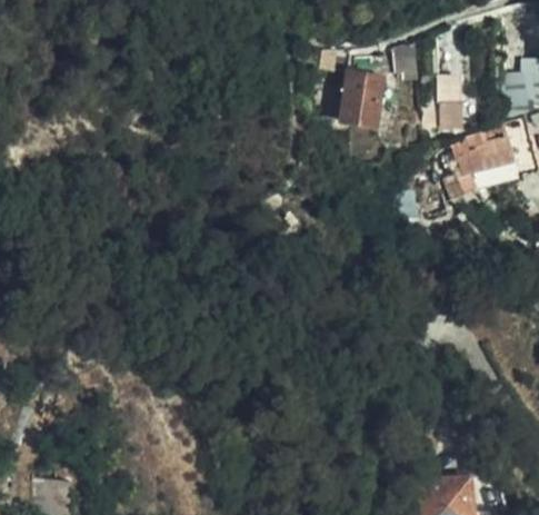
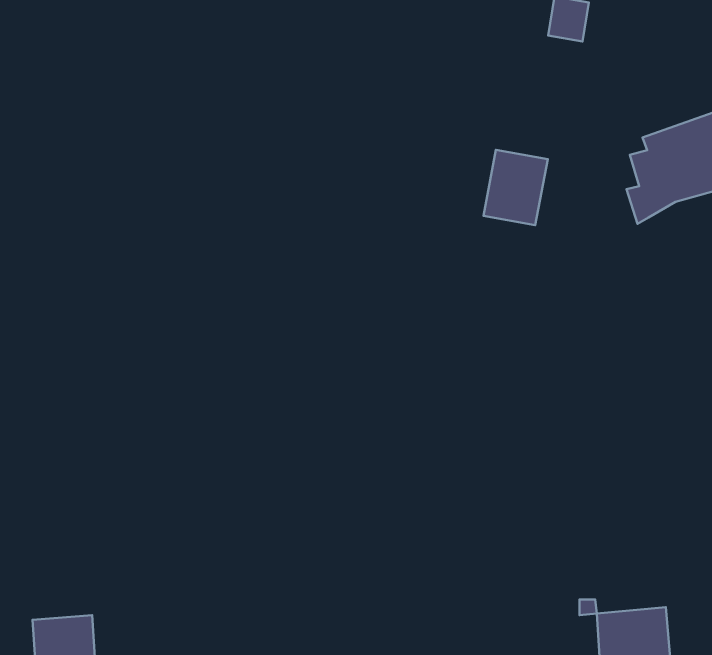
building: [437,73,463,129] -> none
building: [340,75,386,128] -> [483,150,548,225]

